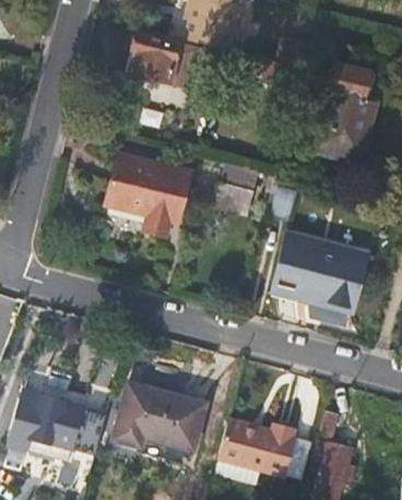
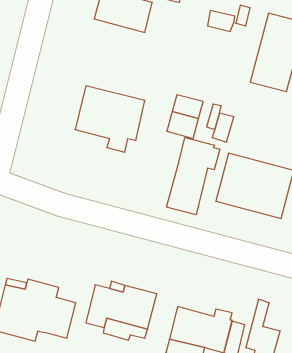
building: none -> [166,138,220,215]

